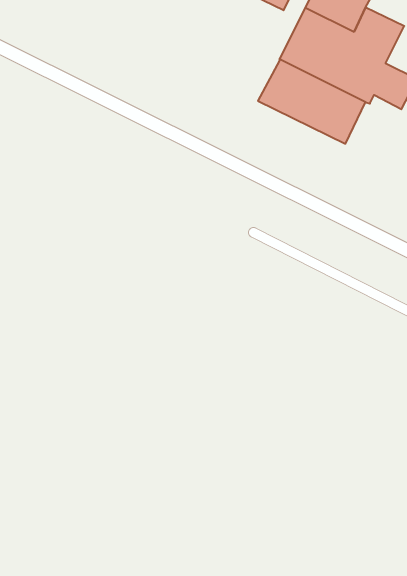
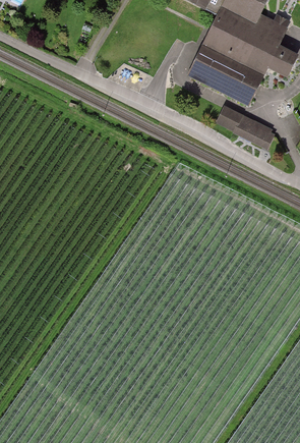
building: none -> [216,104,275,149]

